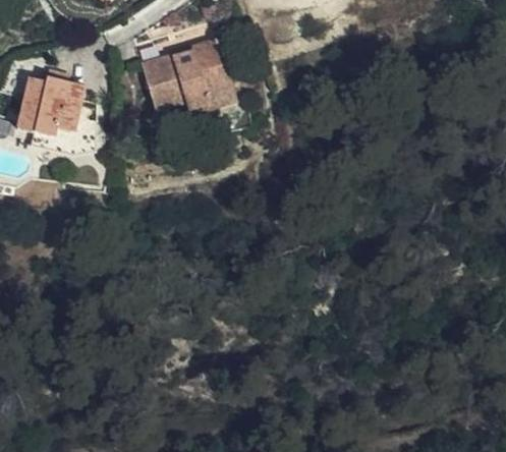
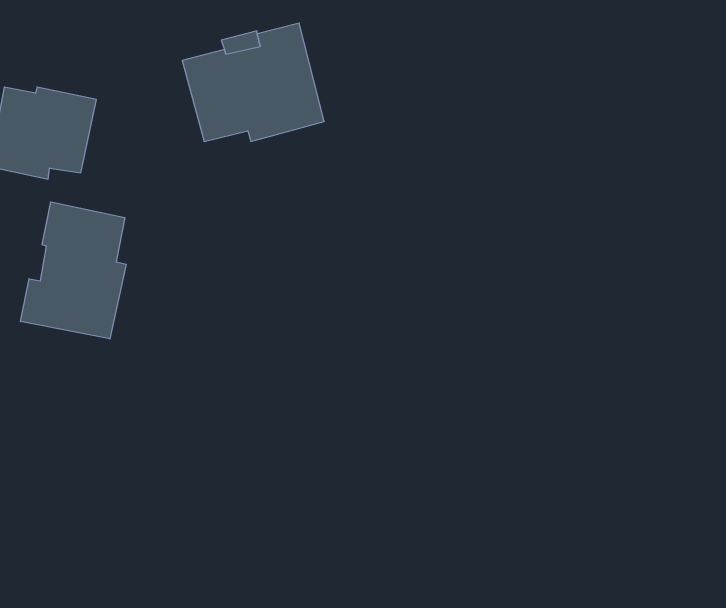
building: none -> [20,202,126,339]

